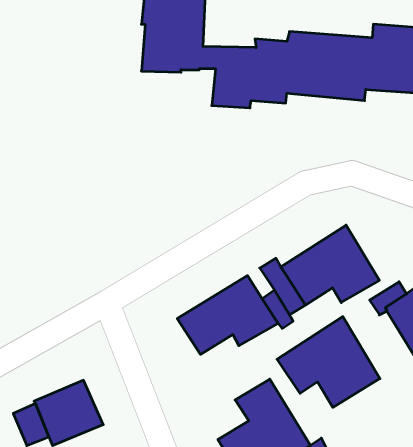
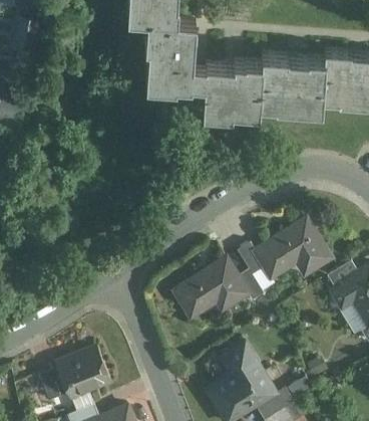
building: [277,317,380,407] -> none

